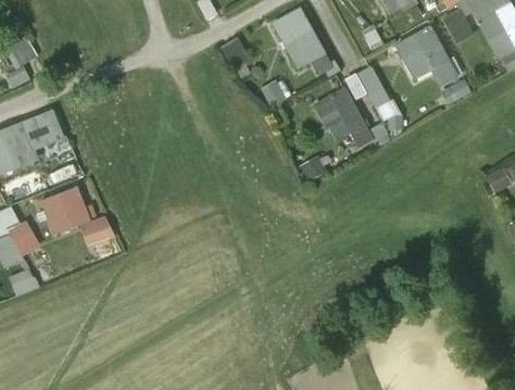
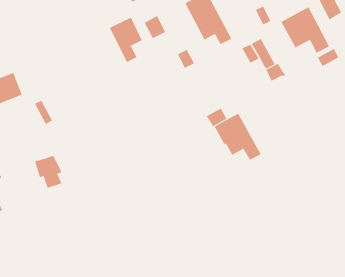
building: none -> [109,17,143,63]
building: [313,87,374,148] -> [214,113,261,161]
building: [40,187,90,234] -> none

